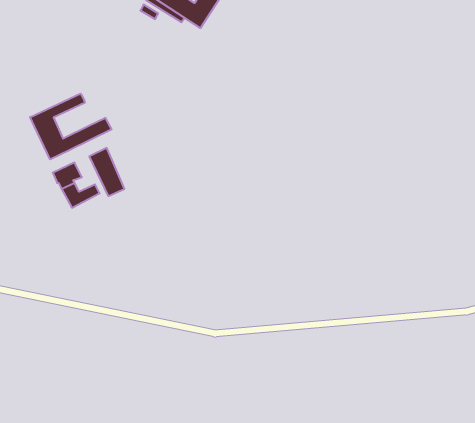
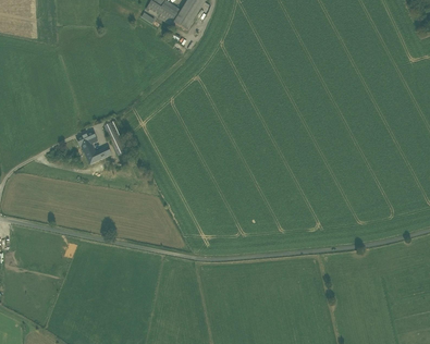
building: [30,94,112,159] -> none

